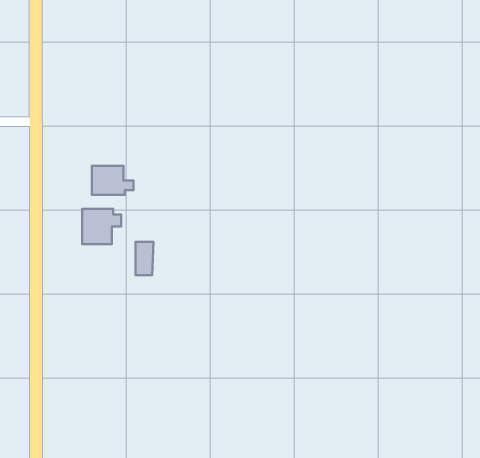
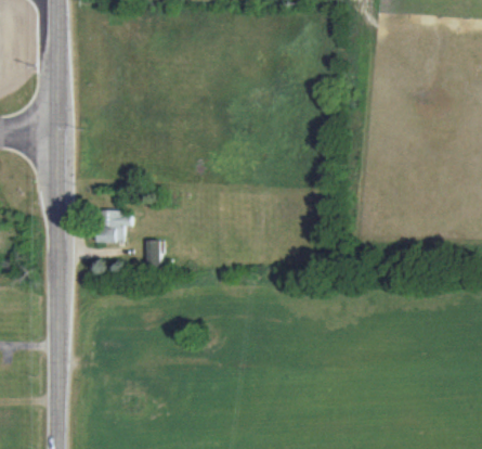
building: [92,166,134,195] -> none

